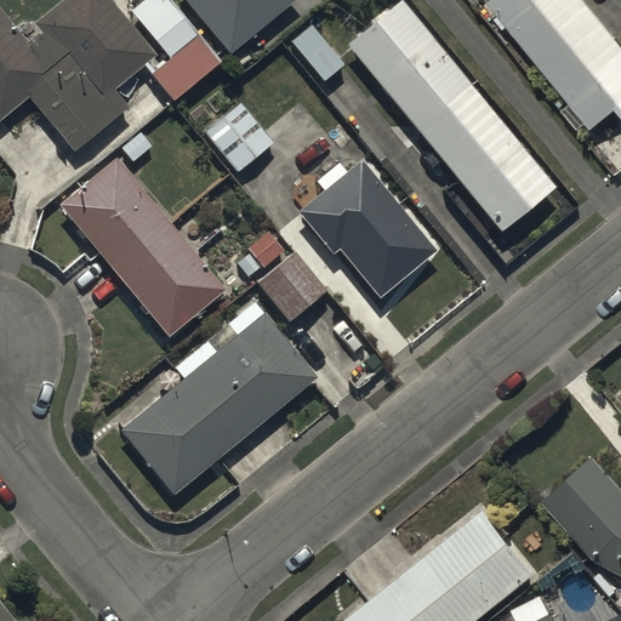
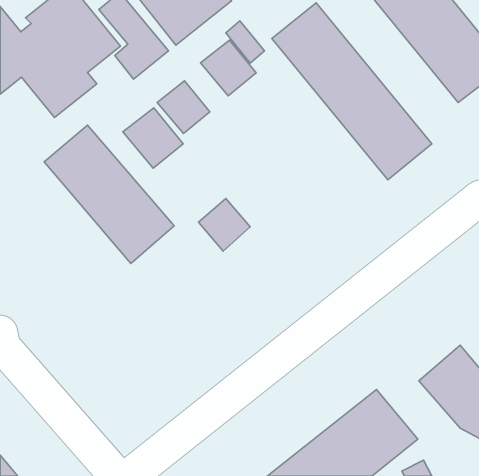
building: none -> [201,40,256,96]
building: none -> [123,108,183,168]
building: [300,161,439,302] -> none
building: [121,304,314,495] -> none

